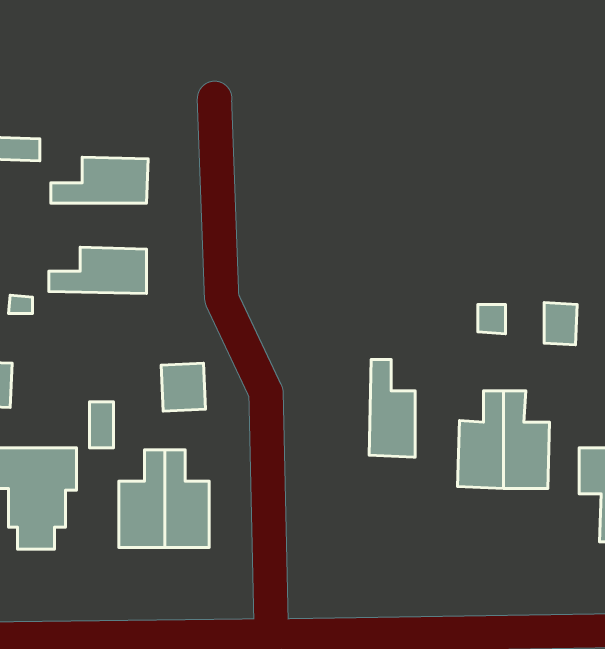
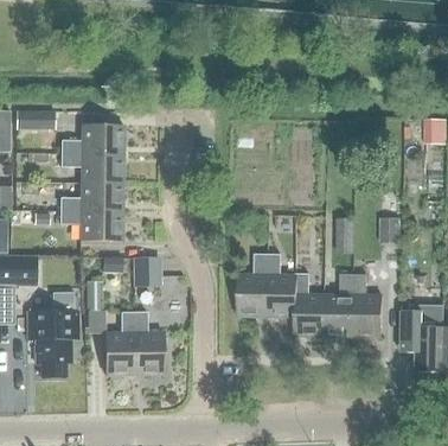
building: none -> [60,153,123,183]
building: none -> [60,210,123,240]
building: none -> [238,254,268,316]
building: none -> [295,273,325,336]

